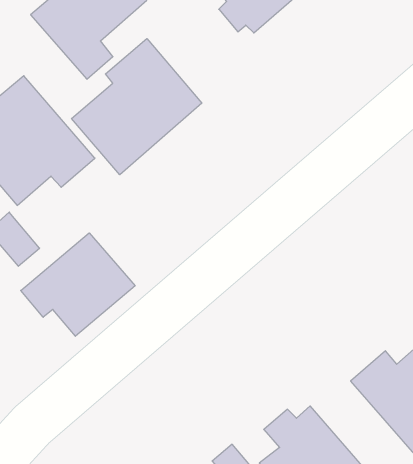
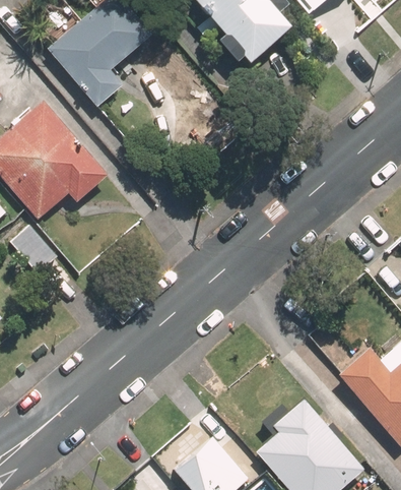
building: [72,39,202,175] -> none
building: [21,233,135,336] -> none

